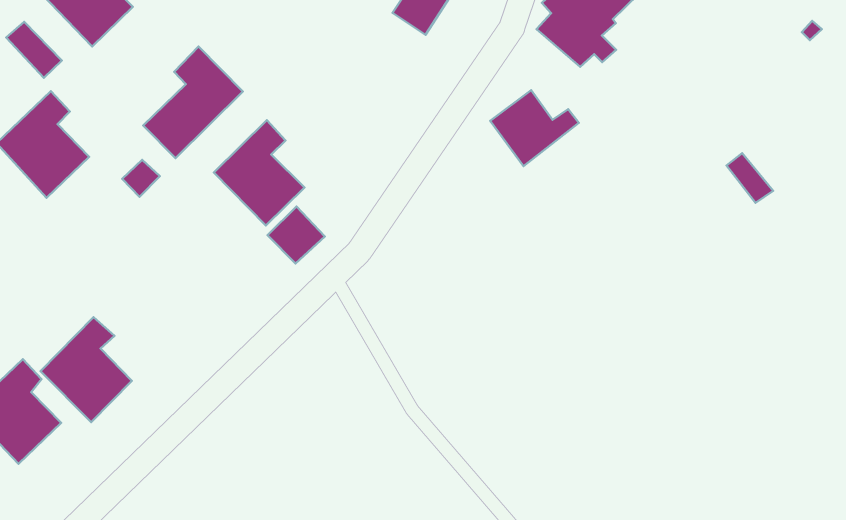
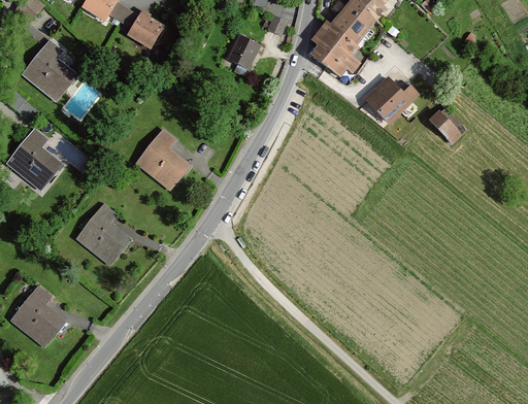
building: [143,47,243,158] -> none
building: [490,90,579,166] -> [367,78,419,123]
building: [268,207,325,263] -> none
building: [40,317,132,422] -> [77,204,131,265]

